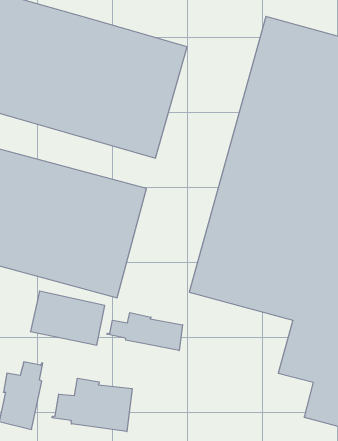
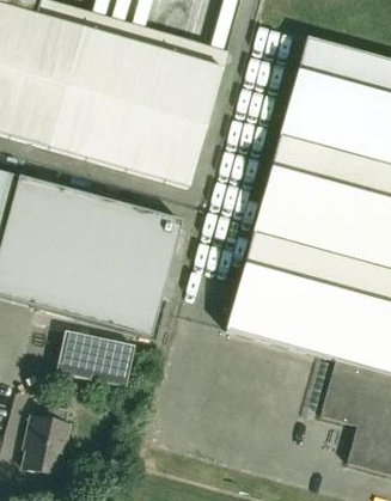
building: [107,313,183,351] -> none
building: [52,378,132,432] -> none

